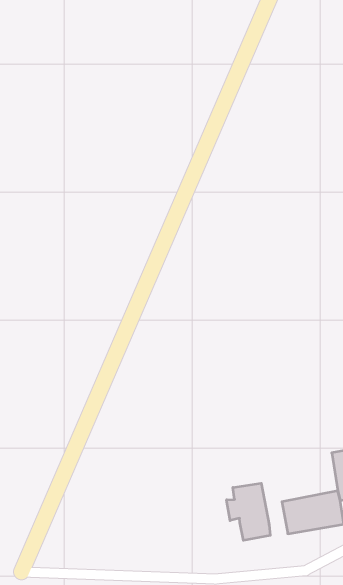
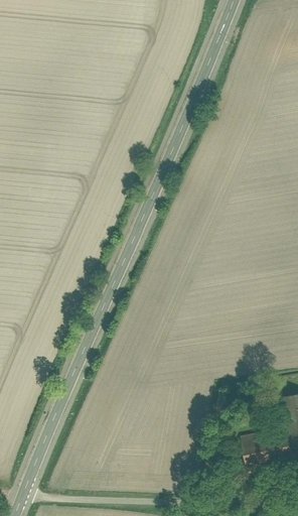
building: [227,483,270,540] -> none

